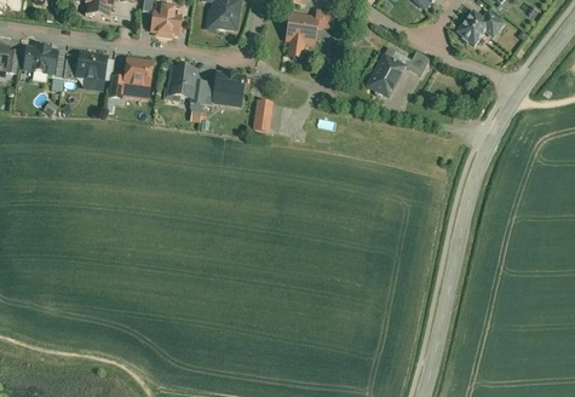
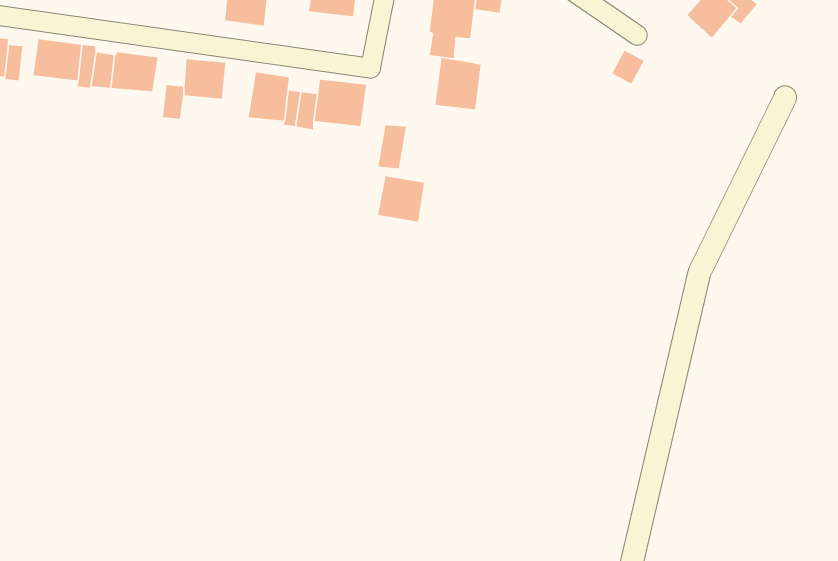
building: [366,53,404,98] -> none
building: none -> [435,57,481,110]
building: none -> [378,176,425,223]

